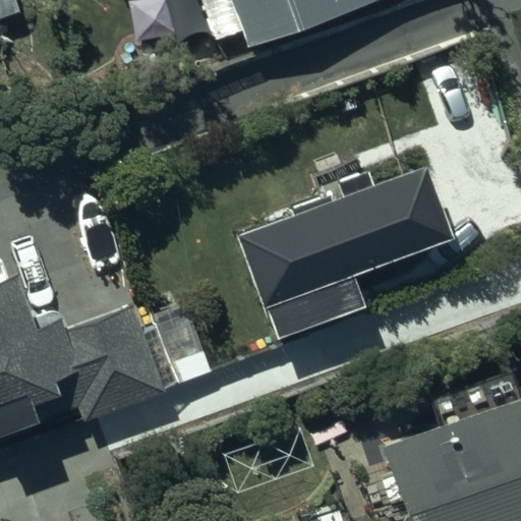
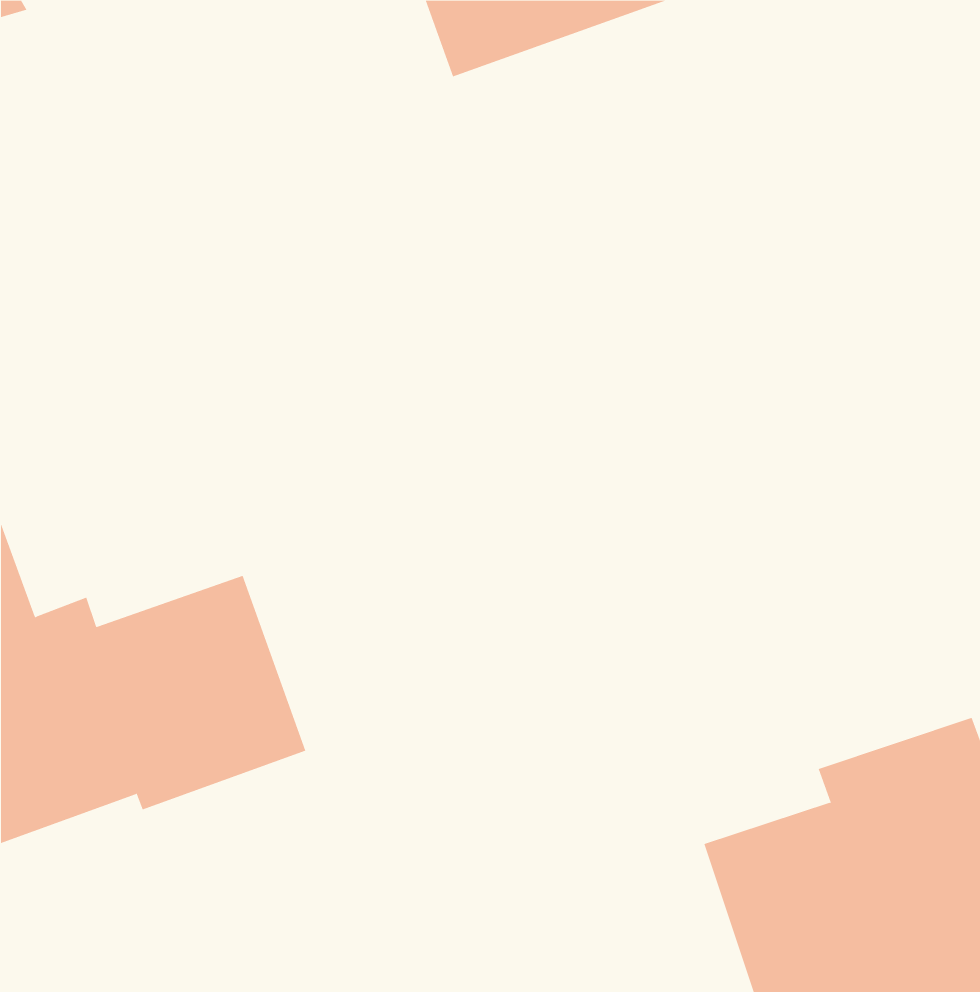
building: [236,160,458,339] -> none

